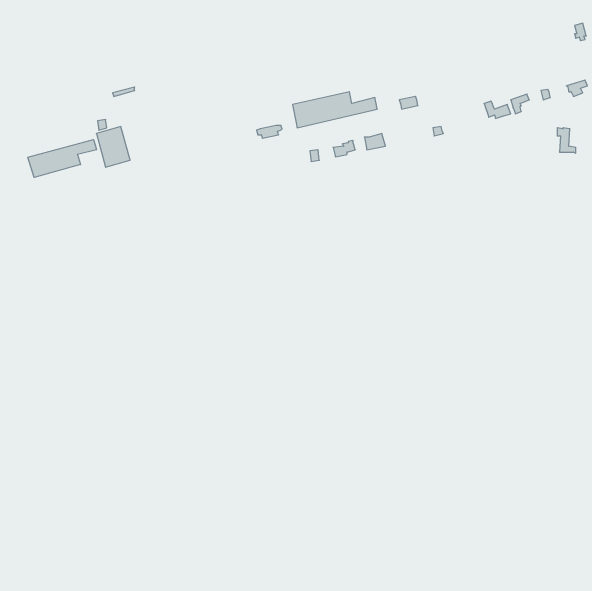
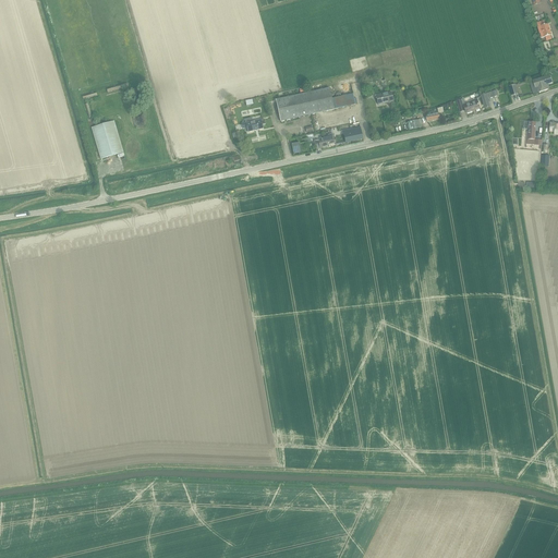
building: [28,140,97,177] -> none

